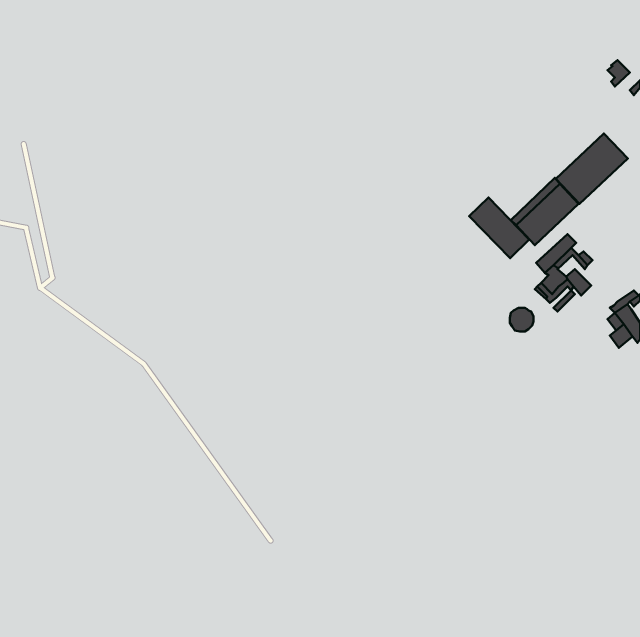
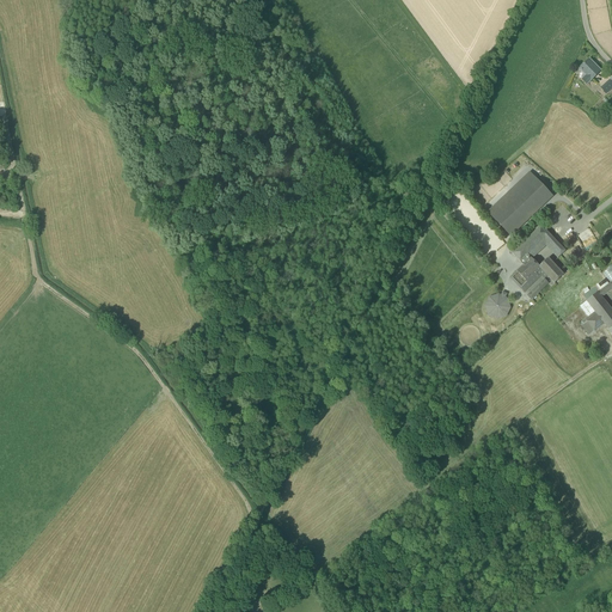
building: [556,133,628,204] -> none
building: [469,197,529,258] -> none

